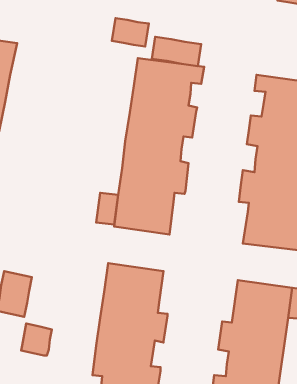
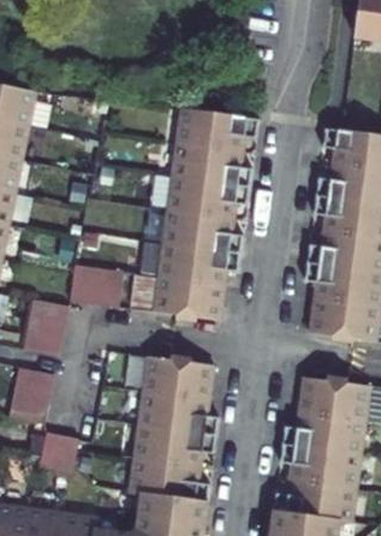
building: [112,18,149,46] -> none
building: [152,37,201,66] -> none
building: none -> [69,264,121,305]
building: none -> [23,299,66,355]

